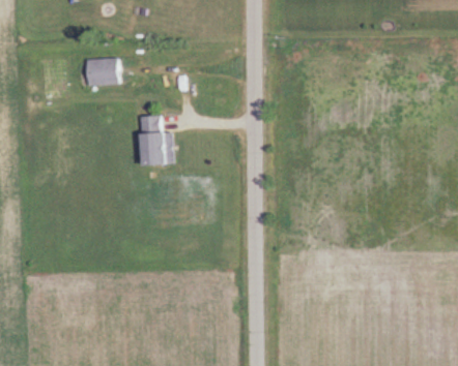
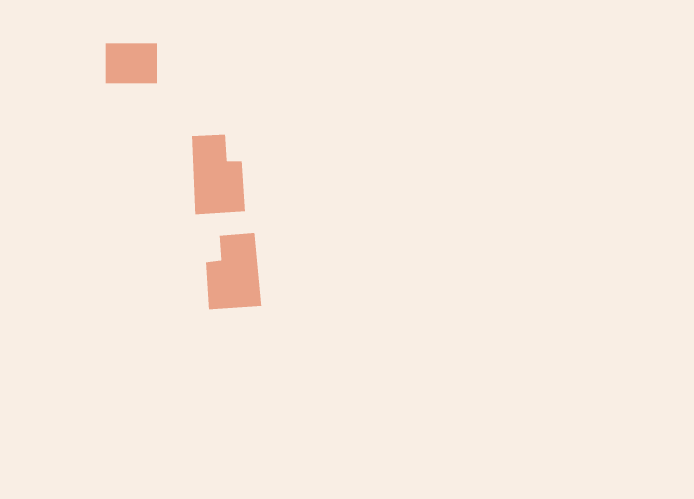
building: none -> [205,232,262,310]

